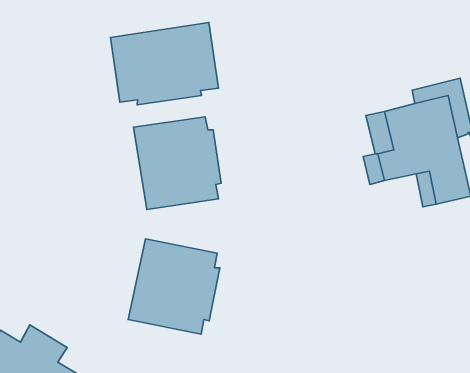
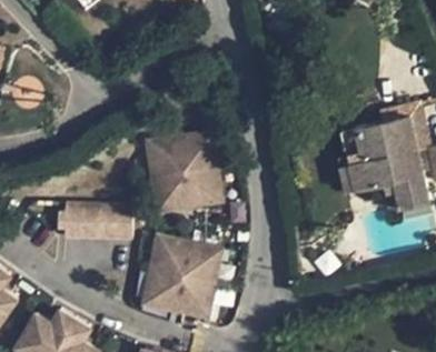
building: [110,22,218,105] -> none
building: none -> [57,204,131,241]

